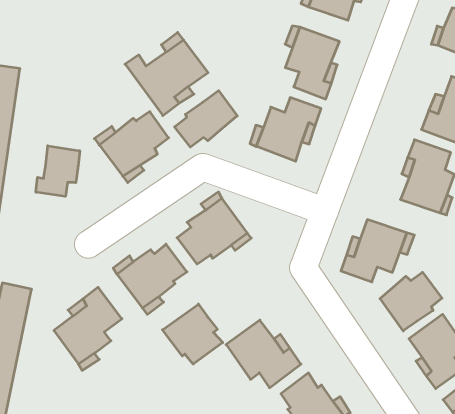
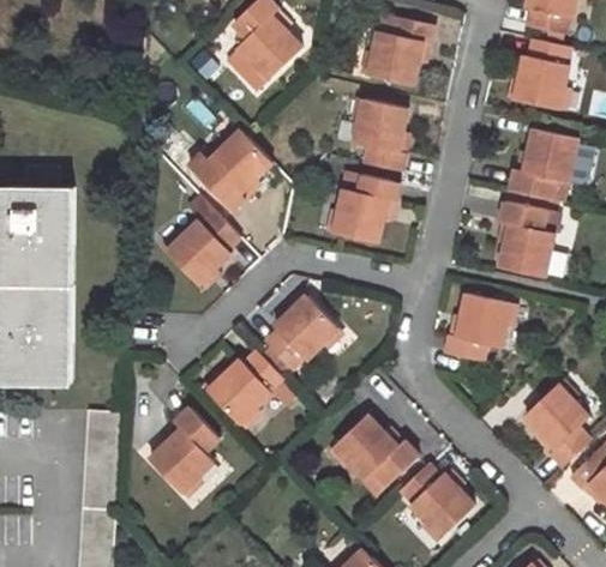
building: [175,91,237,147] -> none
building: [36,146,80,196] -> none
building: [380,272,442,331] -> none
building: [162,304,223,364] -> none

